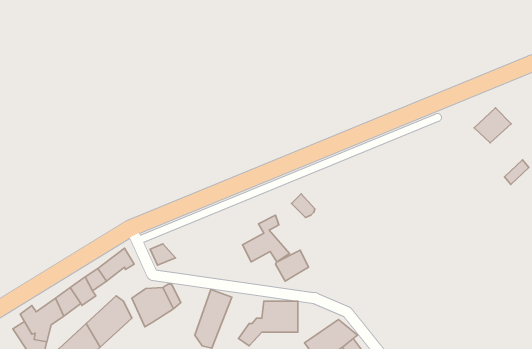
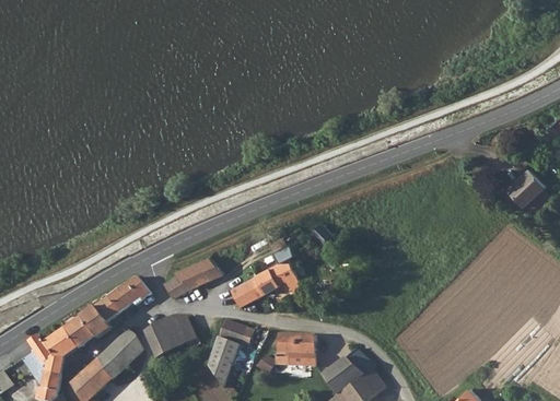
building: [474,108,511,143] -> [505,169,544,205]
building: none -> [176,257,221,288]
building: [276,250,309,281] -> [233,274,267,306]

